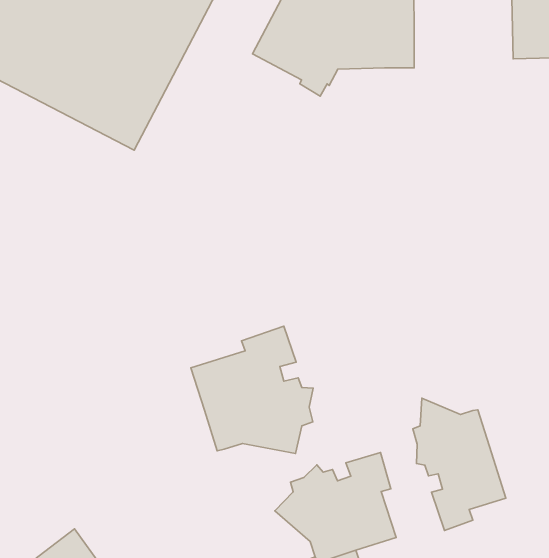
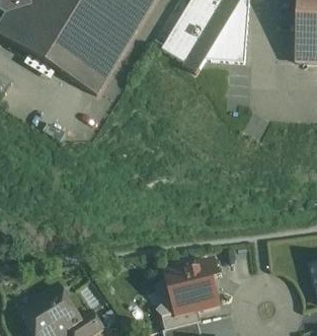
building: [191,326,313,454] -> none
building: [413,398,506,531] -> none

